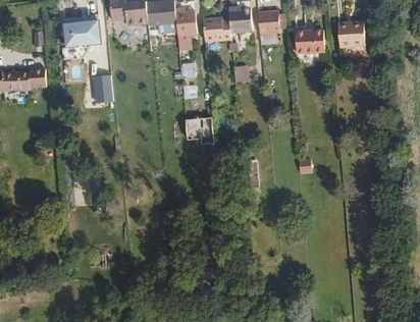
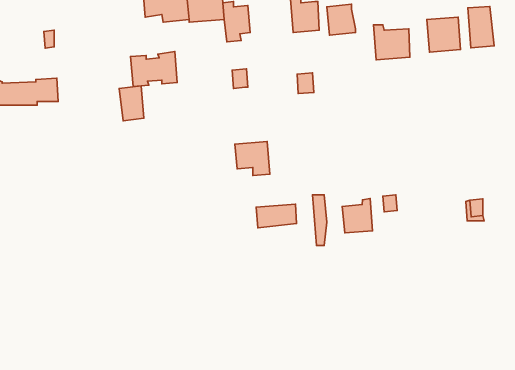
building: none -> [468,6,494,48]
building: [203,17,230,41] -> none
building: [63,19,100,47] -> [131,51,177,87]
building: none -> [342,199,373,233]
building: none -> [256,204,297,228]

